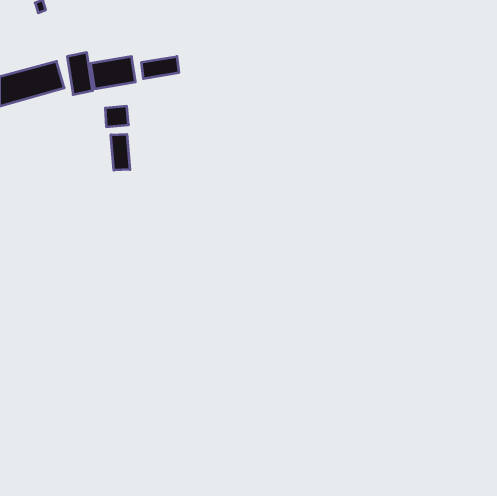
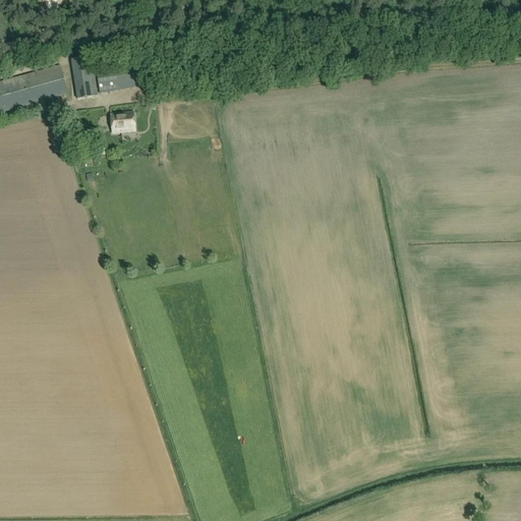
building: [142,56,179,79] -> none
building: [111,134,130,170] -> none

